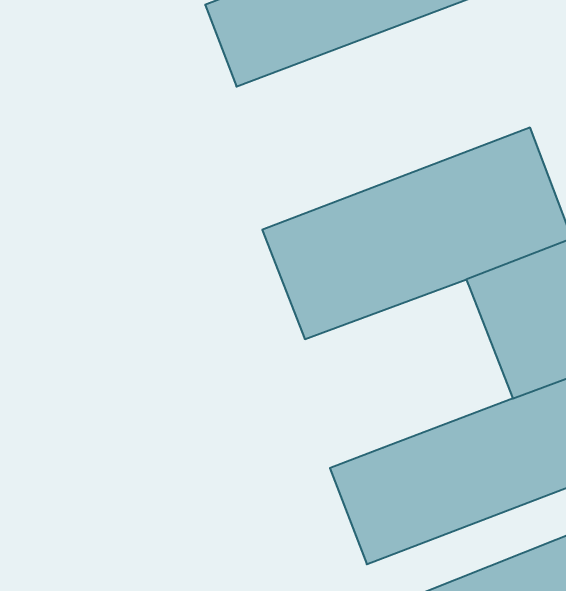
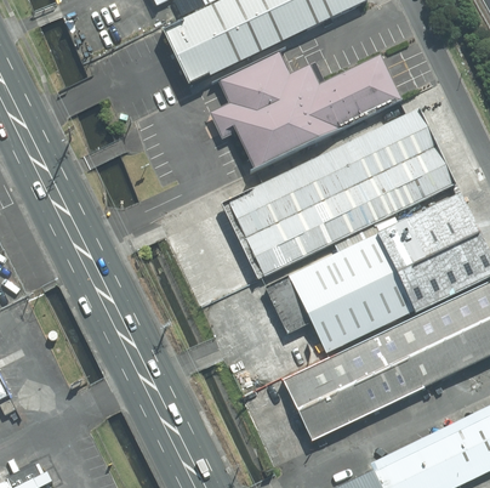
building: none -> [212,40,403,182]
building: none -> [262,229,418,357]

